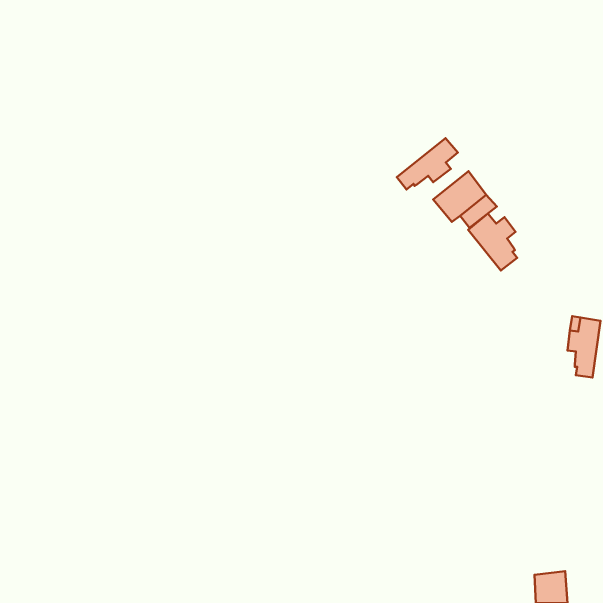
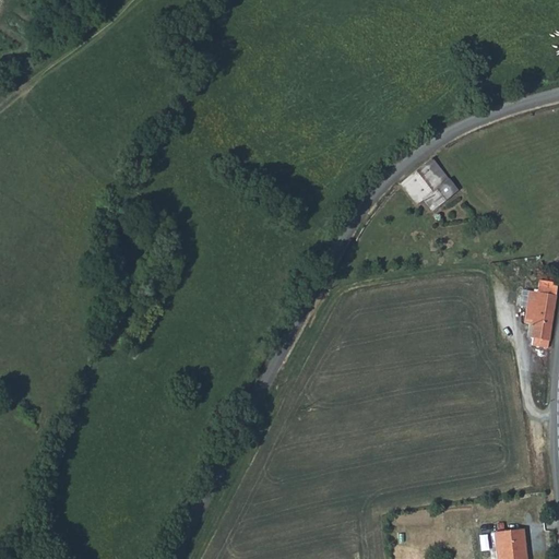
building: [397,138,458,189] -> none
building: [468,214,517,271] -> none

